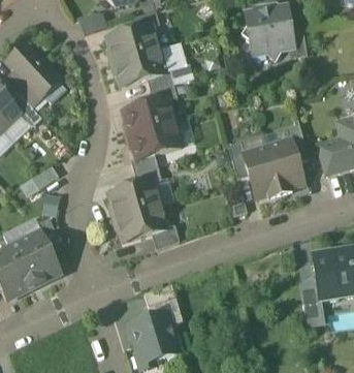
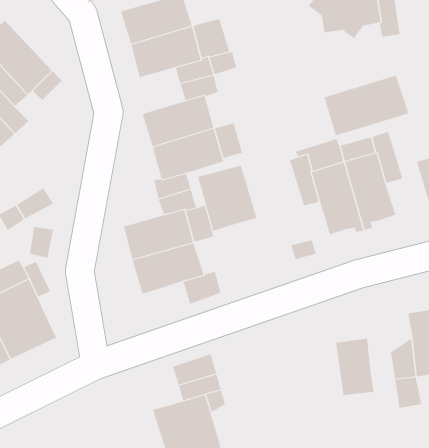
building: none -> [324,75,408,136]
building: none -> [197,165,257,232]
building: none -> [335,338,374,396]

